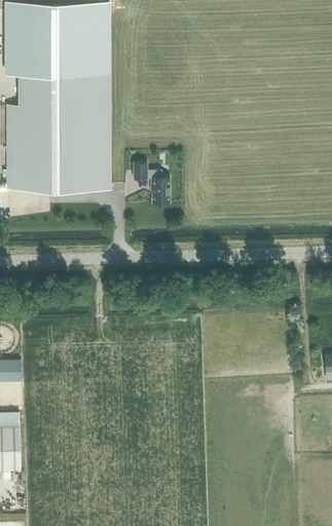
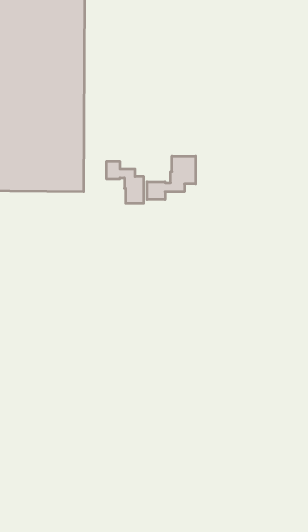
building: none -> [147,156,196,200]

